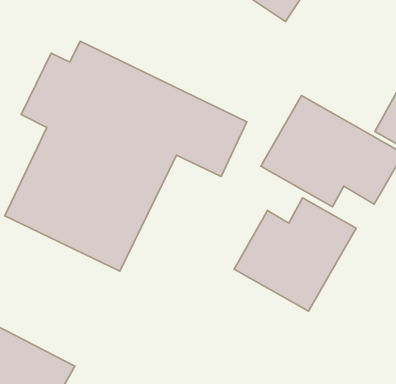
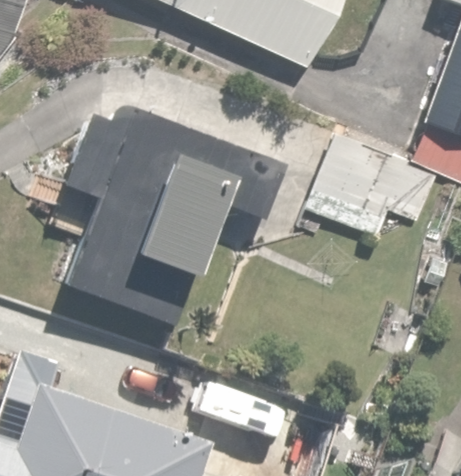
building: [234,198,356,311] -> none

